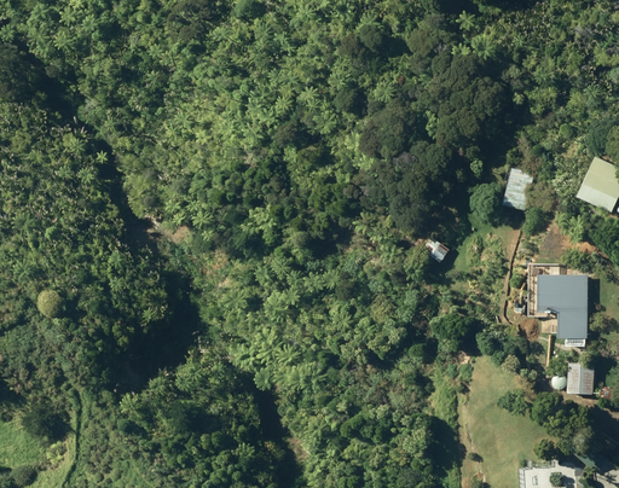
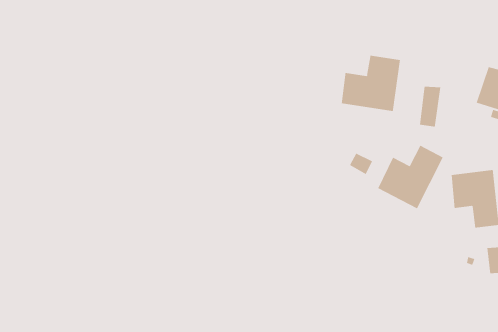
building: none -> [341,55,400,112]
building: none -> [378,145,443,209]

